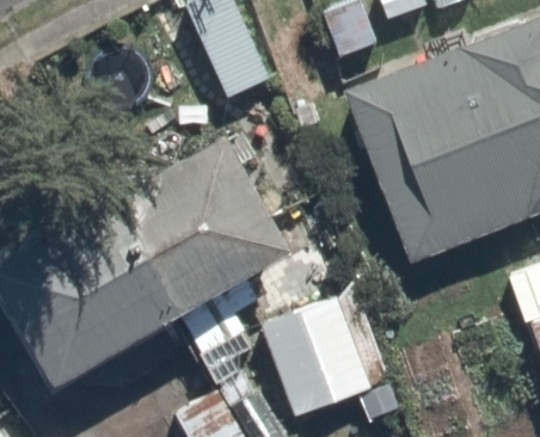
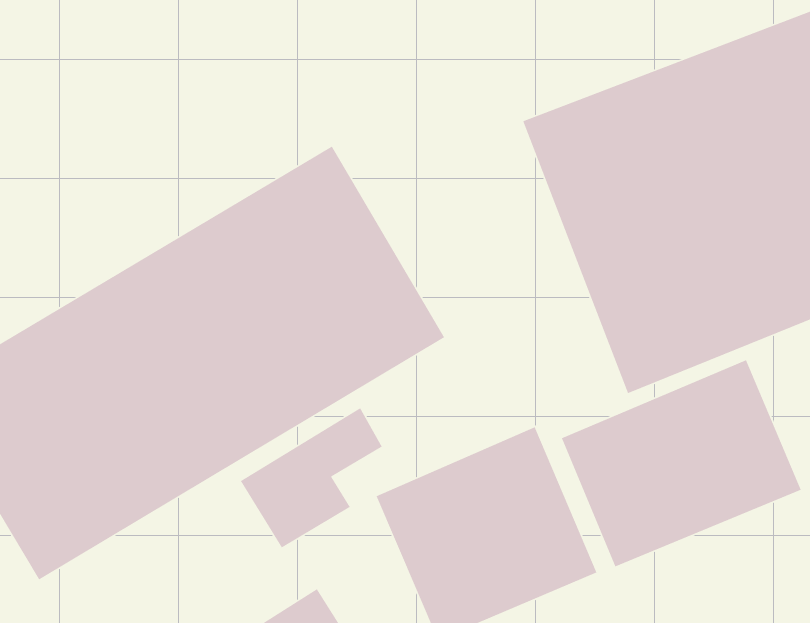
building: none -> [561,359,802,568]

